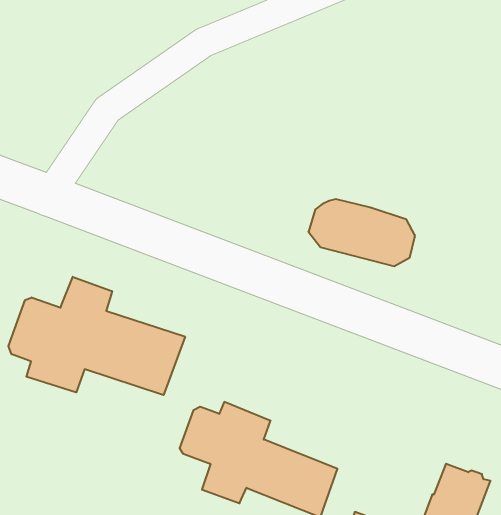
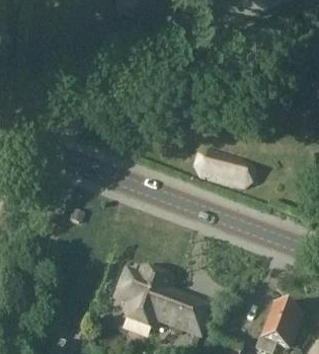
building: [9,277,185,395] -> none

